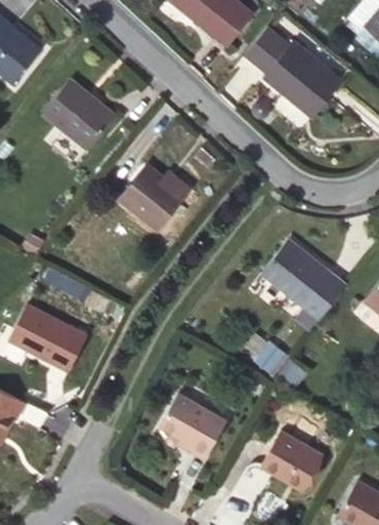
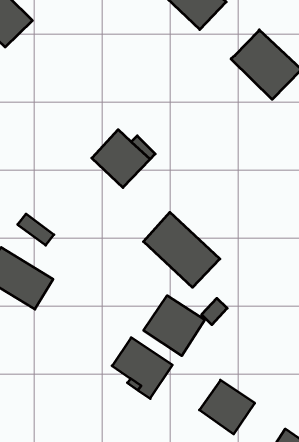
building: [245,26,291,72] -> none
building: [42,79,113,149] -> none
building: [261,238,347,319] -> [143,212,220,287]
building: none -> [144,296,205,356]

